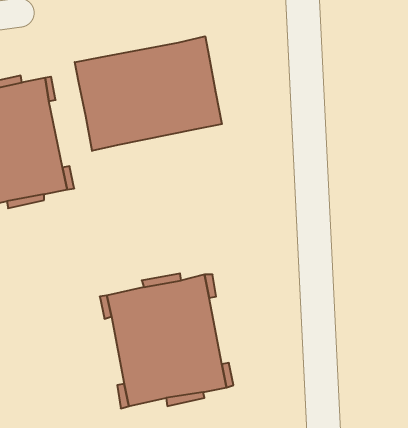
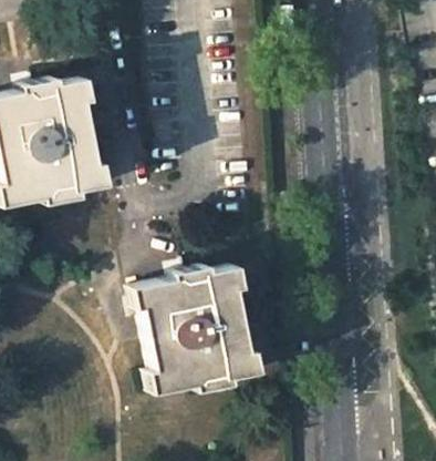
building: [75,36,222,151] -> none

